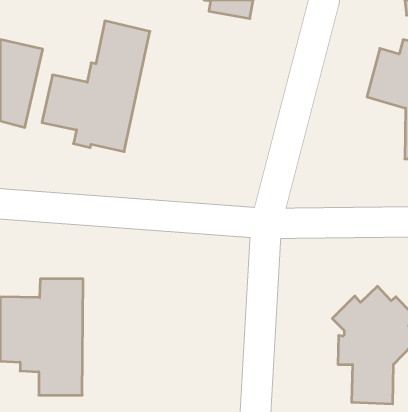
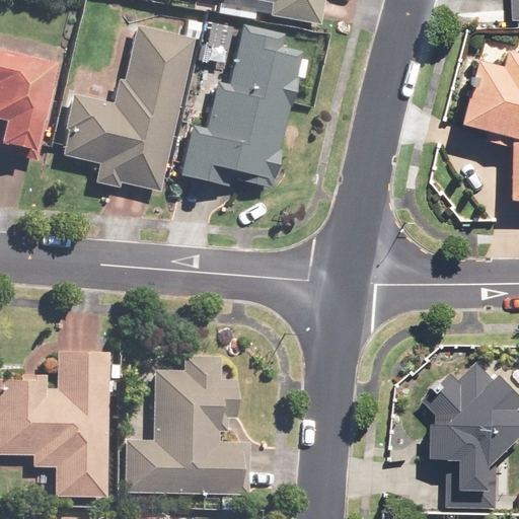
building: none -> [179,26,301,187]
building: none -> [122,355,250,495]

